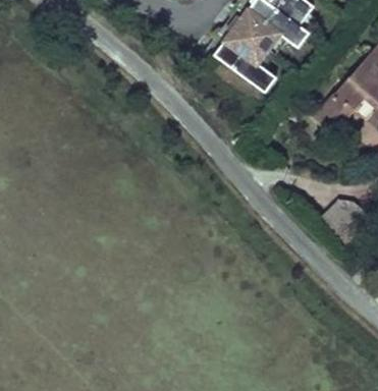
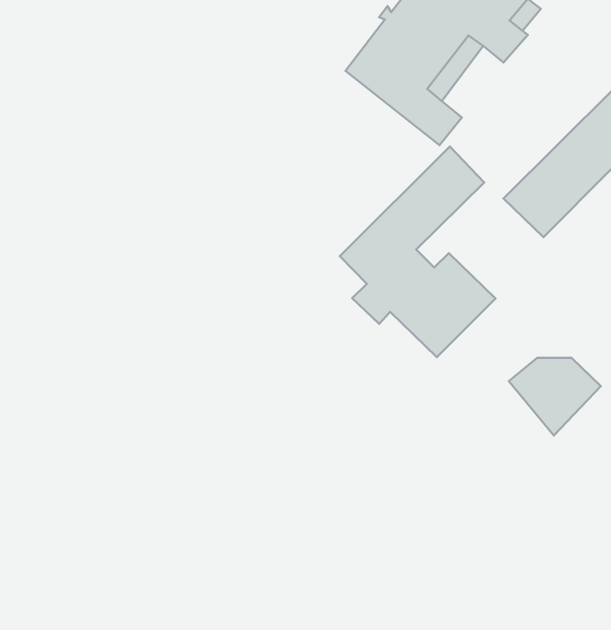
building: none -> [340,147,496,357]

